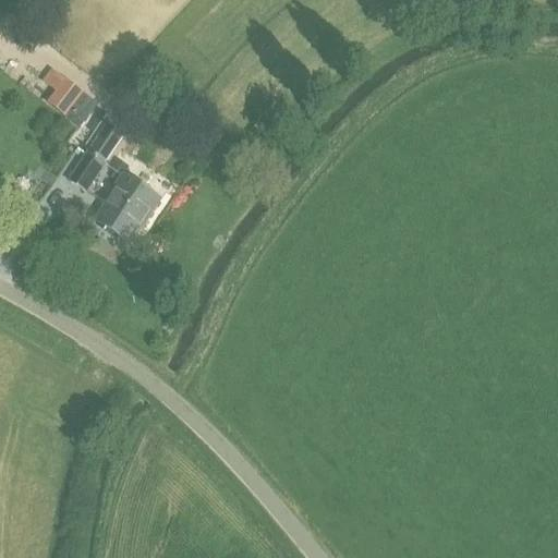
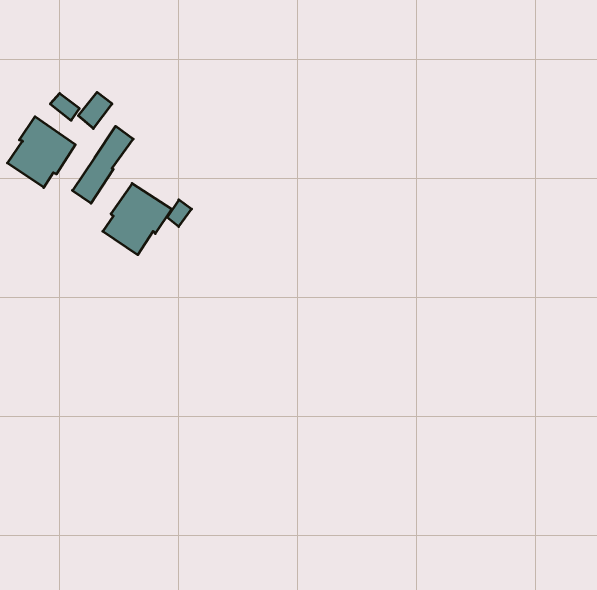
building: none -> [7,117,75,188]

